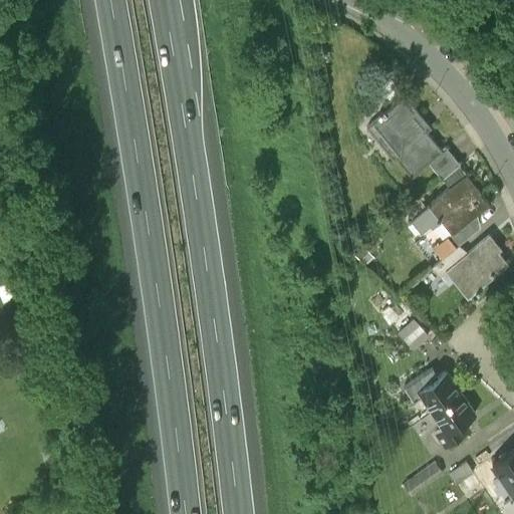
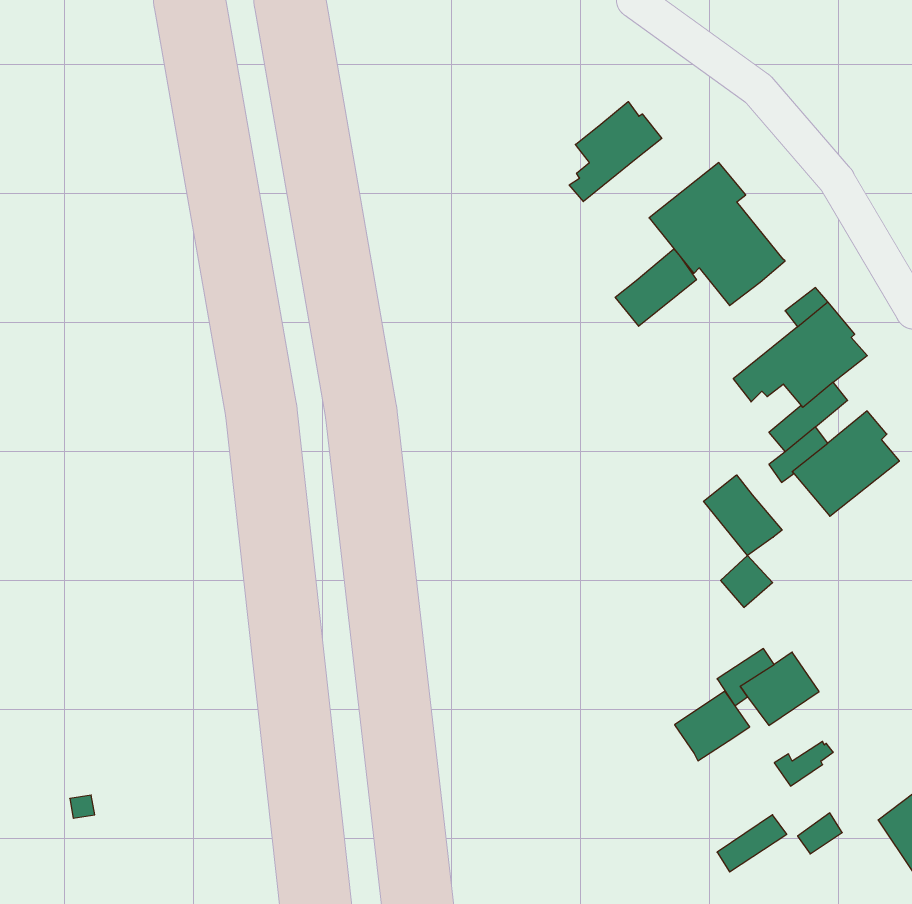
building: none -> [569,102,662,202]
building: none -> [615,249,696,326]
building: [428,147,461,180] -> none
building: none -> [704,475,782,556]
building: [433,394,475,433] -> [675,691,750,761]

